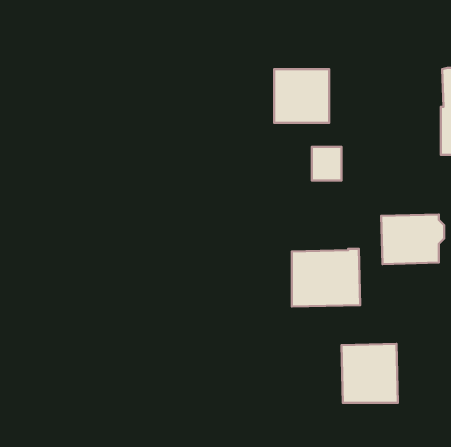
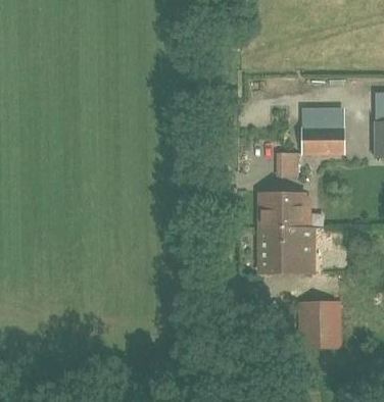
building: [274,69,329,123] -> [301,112,343,153]
building: [381,214,444,264] -> [258,193,306,231]

